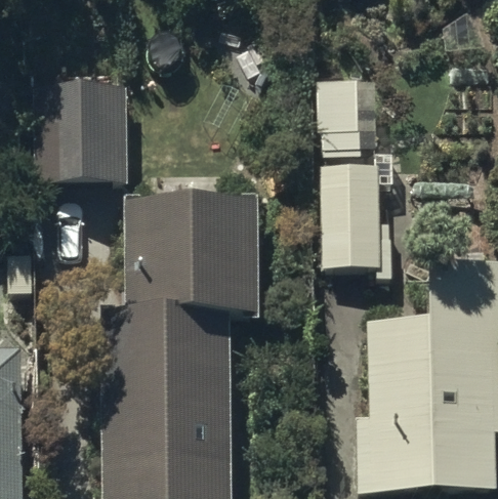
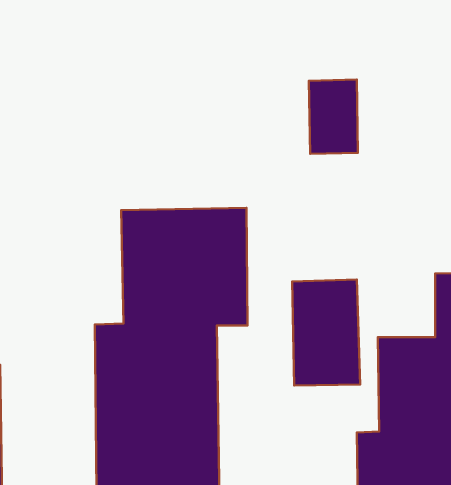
building: [38,90,126,177] -> none
building: [316,162,381,264] -> [292,279,360,385]

